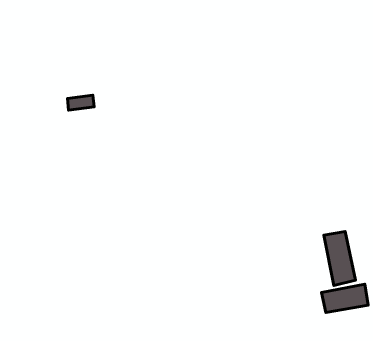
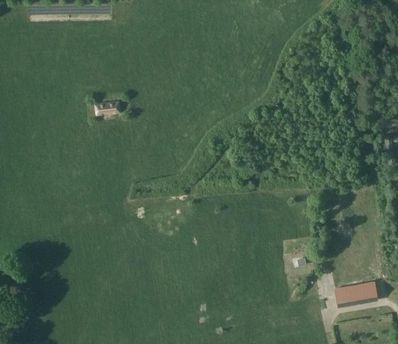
building: [324,231,355,285] -> none

